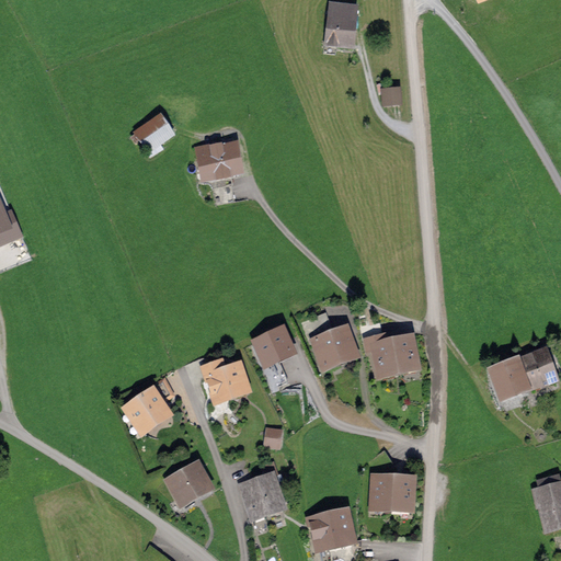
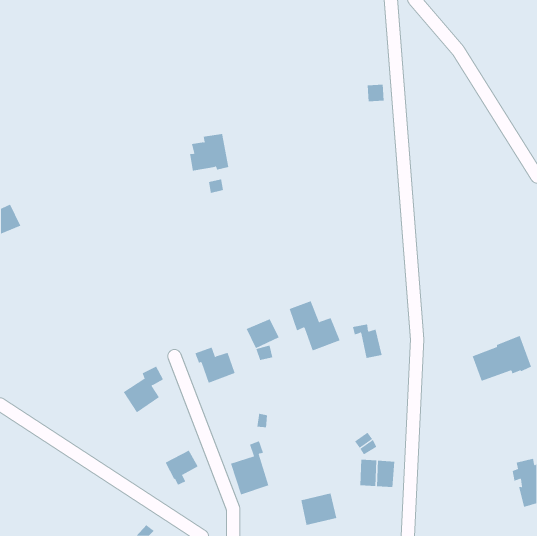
building: [325,5,354,45] -> none
building: [138,118,170,149] -> none
building: [392,340,416,370] -> none

